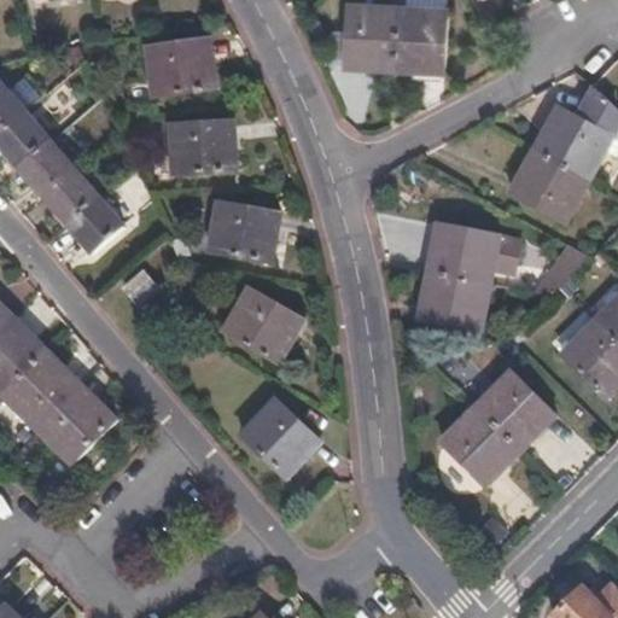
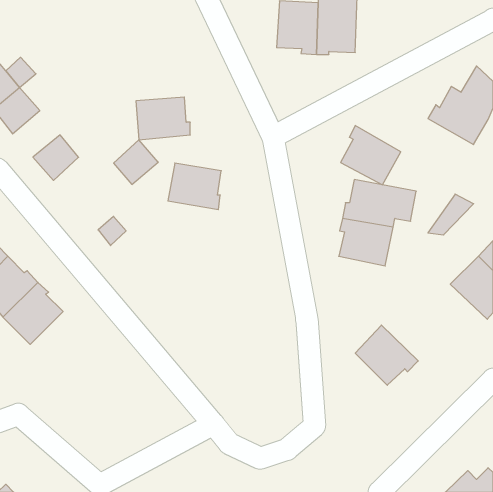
building: [146,40,216,95] -> none
building: [16,138,75,196] -> none
building: [514,147,589,221] -> [341,126,401,185]
building: [66,196,122,251] -> [114,140,158,184]
building: [223,287,298,361] -> none
building: [474,369,550,449] -> none
building: [37,387,115,462] -> none
building: [240,398,316,477] -> none

